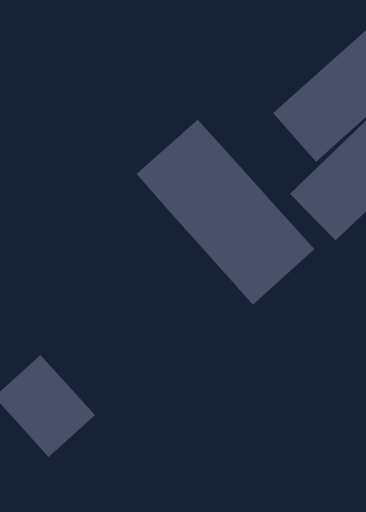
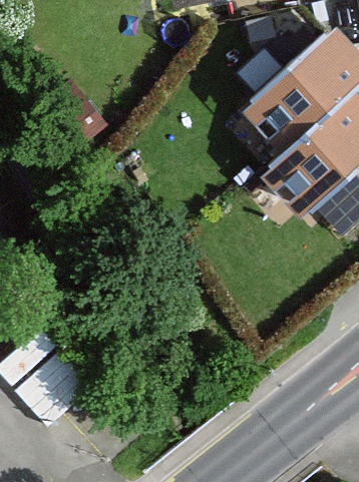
building: [136,119,315,306] -> none

